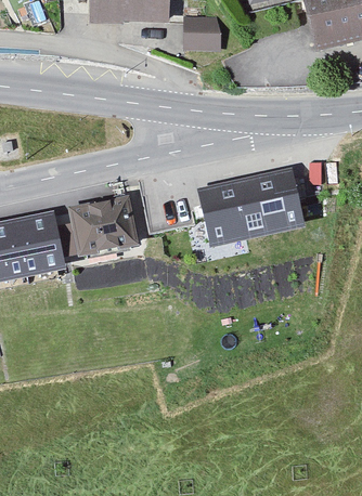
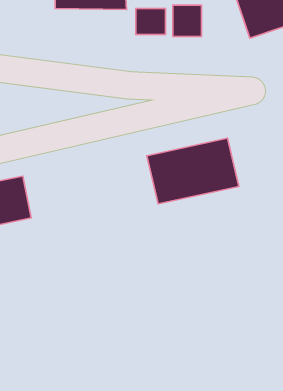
building: none -> [173,5,201,37]
building: [69,192,140,252] -> none

